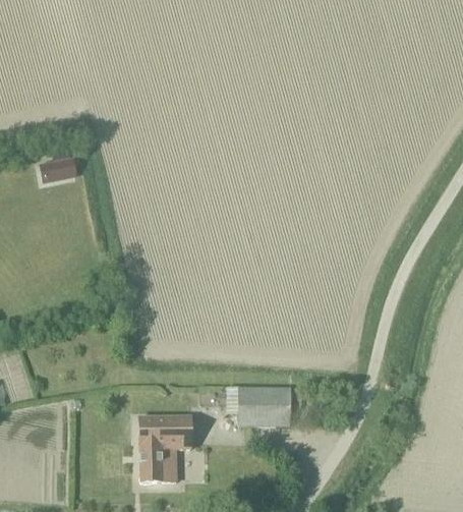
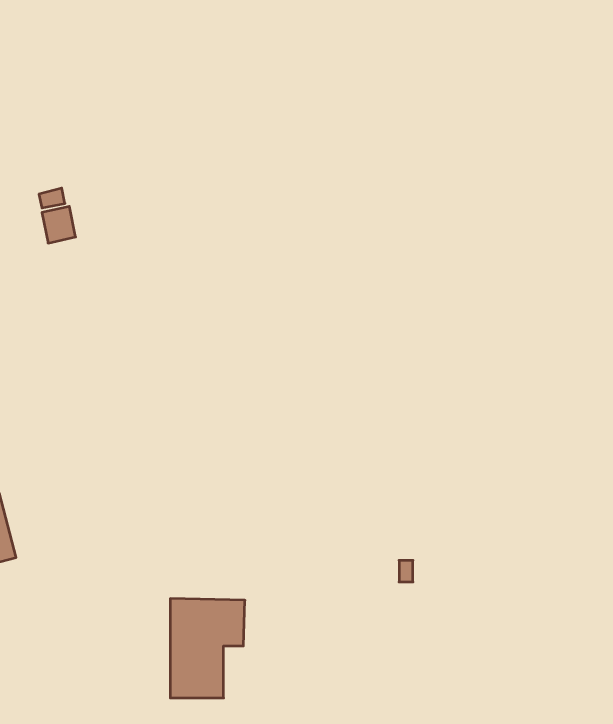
building: [238,388,288,423] -> none

